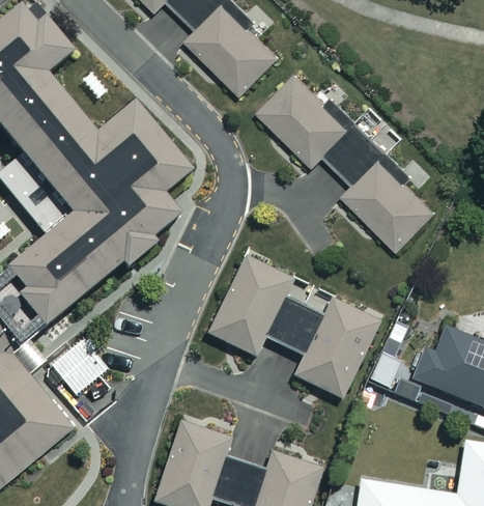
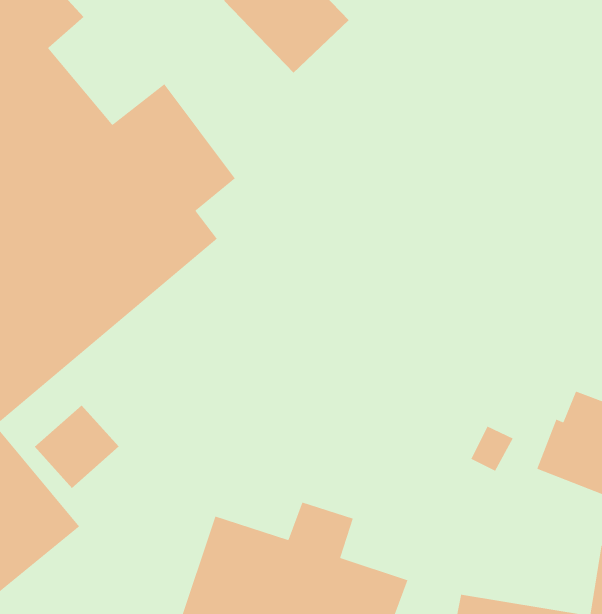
building: [255,75,432,251] -> none
building: [205,257,377,399] -> none

